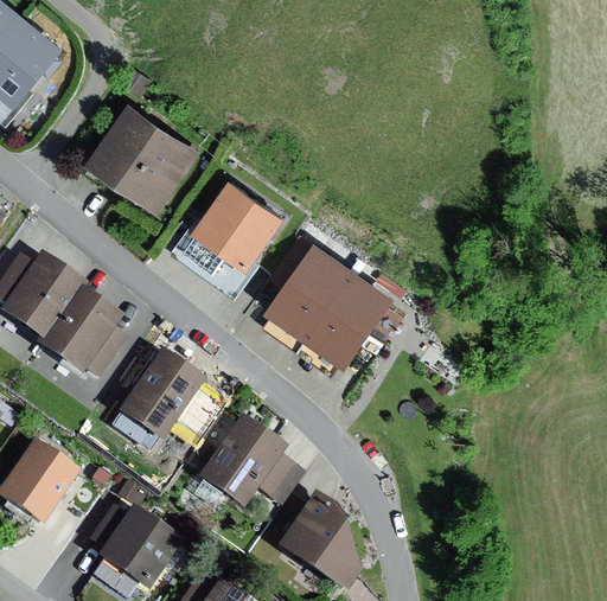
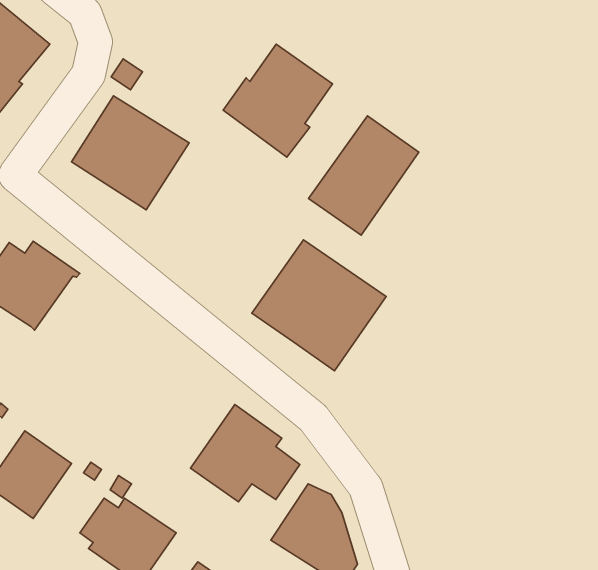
building: none -> [308,116,419,235]
building: [173,184,281,295] -> [223,44,333,157]
building: [37,283,129,376] -> none
building: [120,346,216,450] -> none

